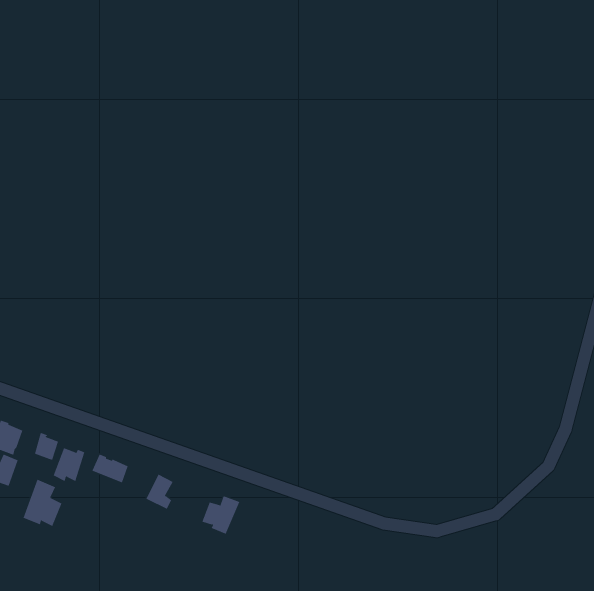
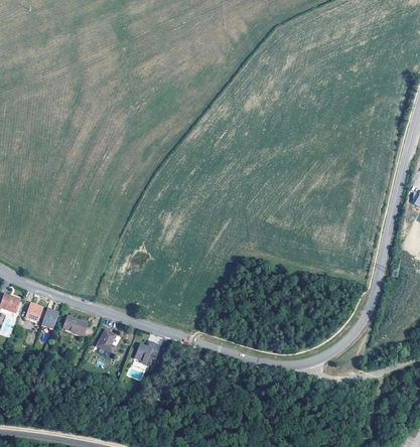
building: [23,479,62,527] -> none

